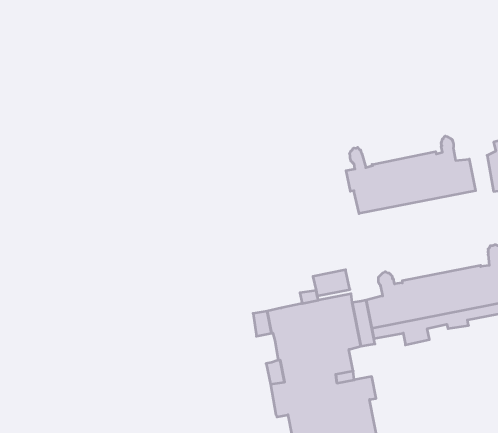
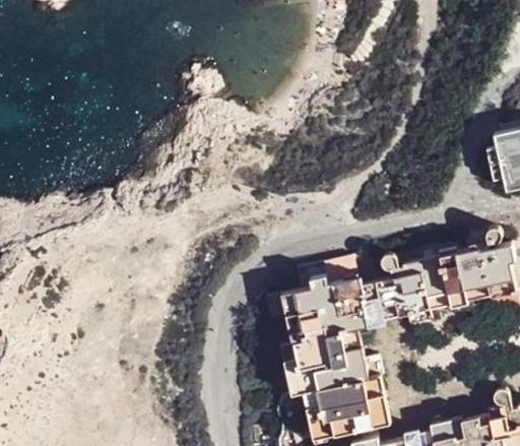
building: [346,136,476,214] -> none

